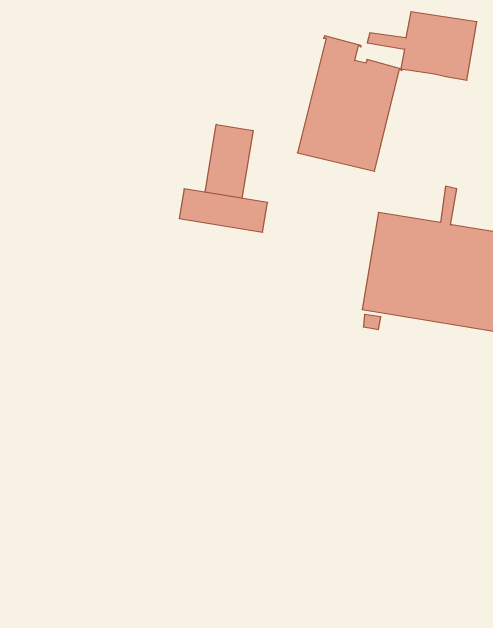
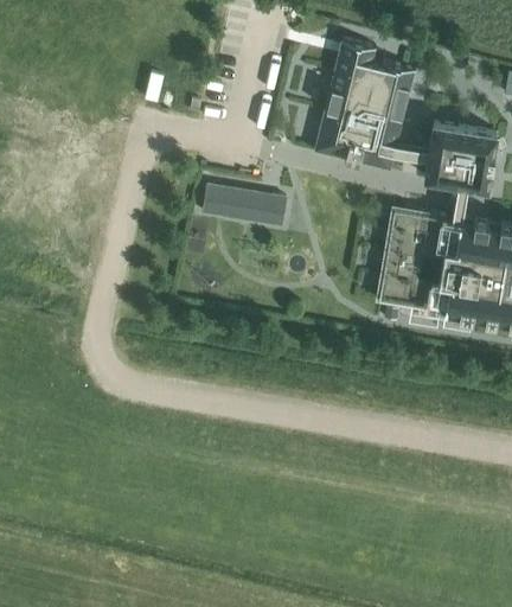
building: [367,12,477,80] -> [393,122,498,187]
building: [205,124,253,198] -> none

